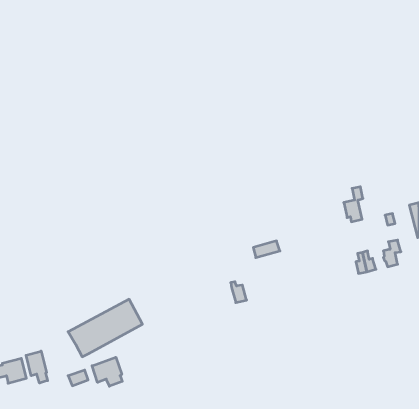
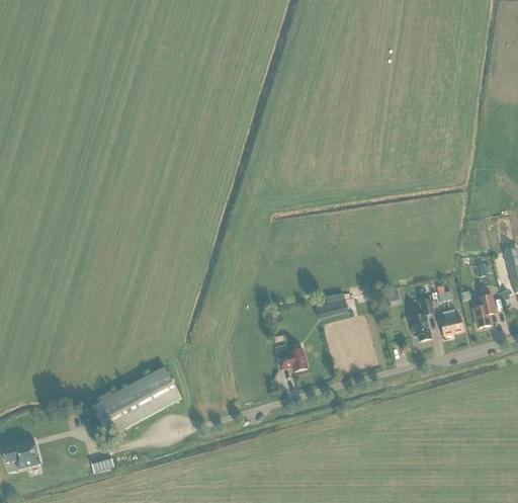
building: [344,187,363,222] -> [409,298,432,340]
building: [26,351,48,383] -> none
building: [92,357,122,386] -> none

